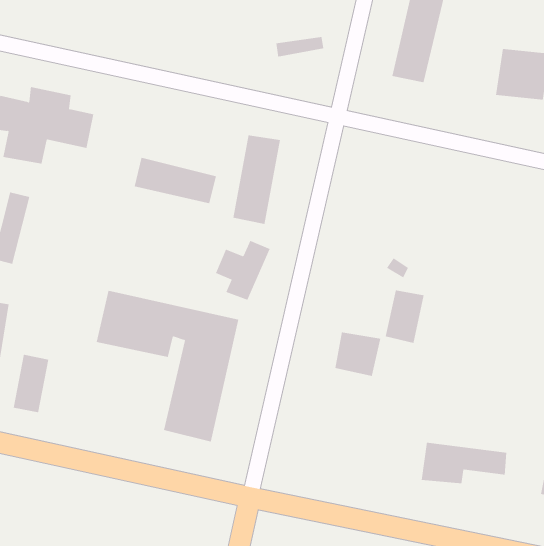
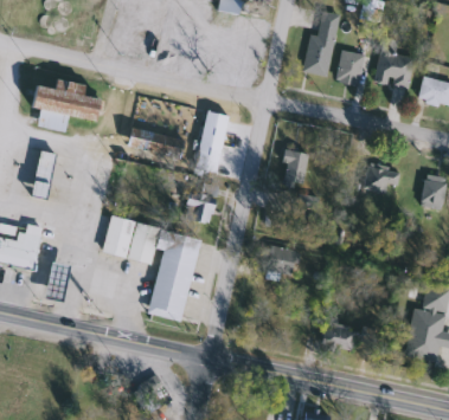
building: none -> [336,50,365,85]
building: none -> [364,166,400,193]
building: [385,290,425,343] -> [282,150,309,187]

